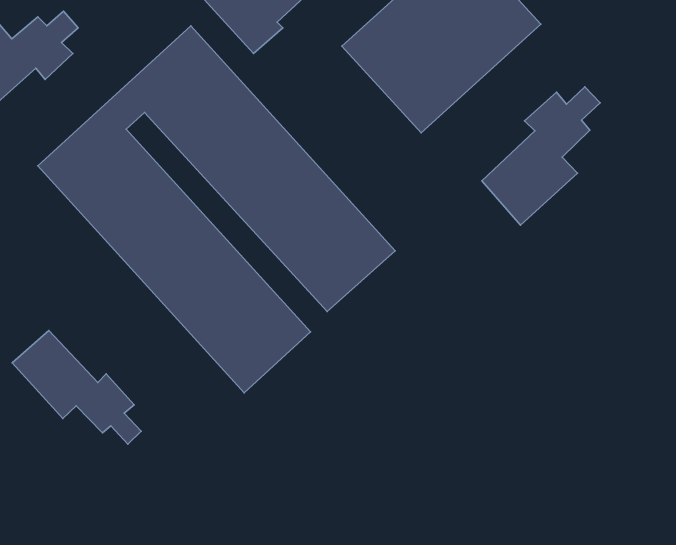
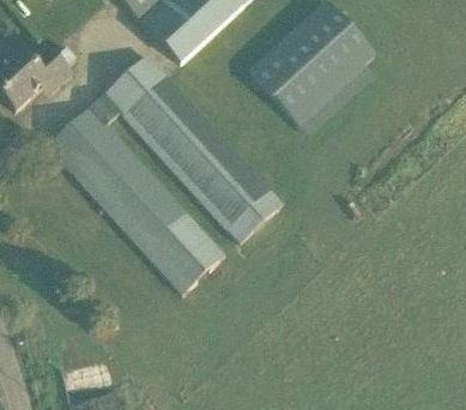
building: [482,87,600,225] -> none
building: [12,331,141,444] -> none

